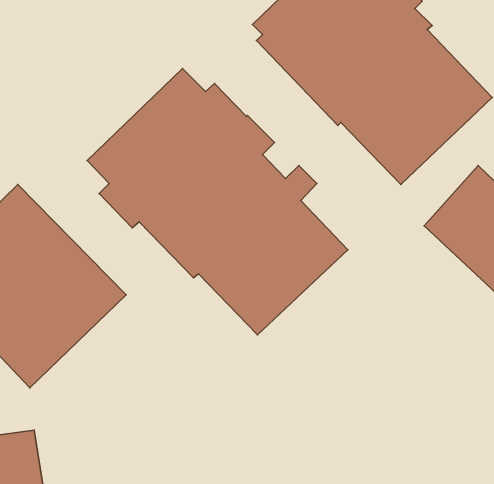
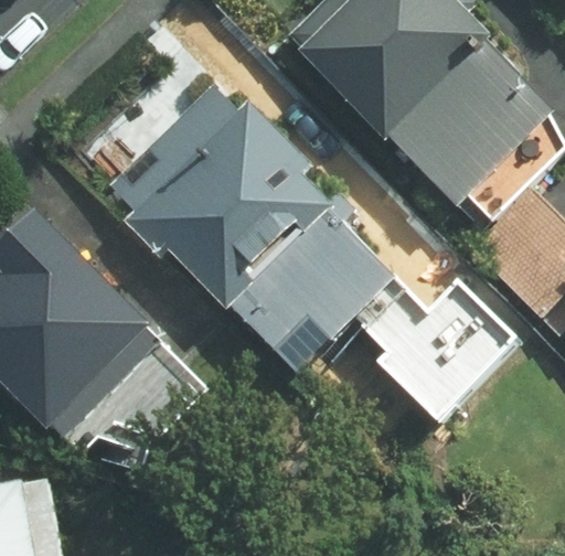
building: none -> [367,275,524,423]

